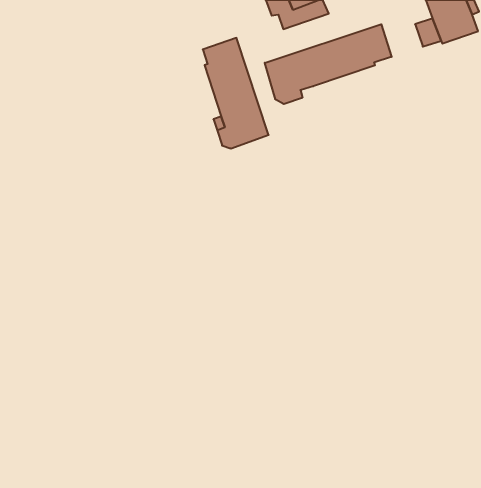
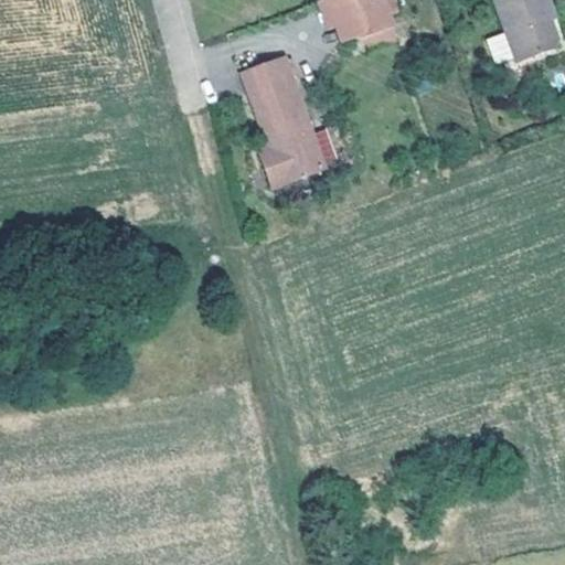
building: [265,24,392,104] -> none

